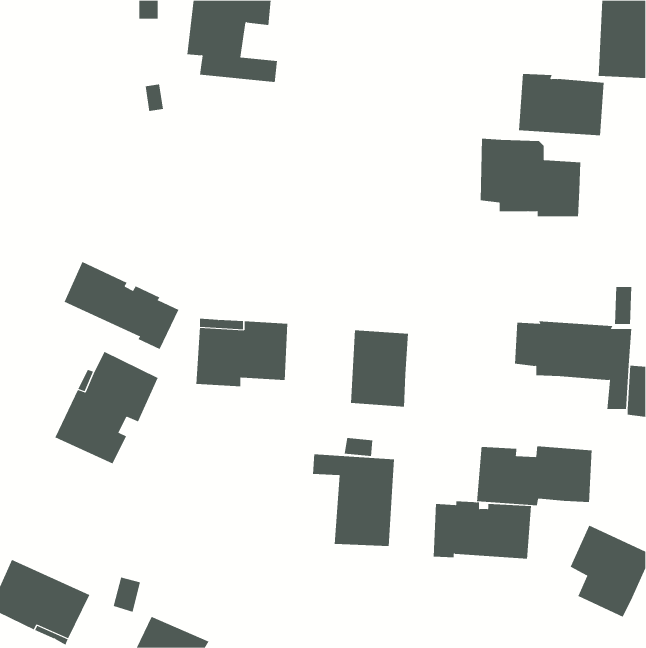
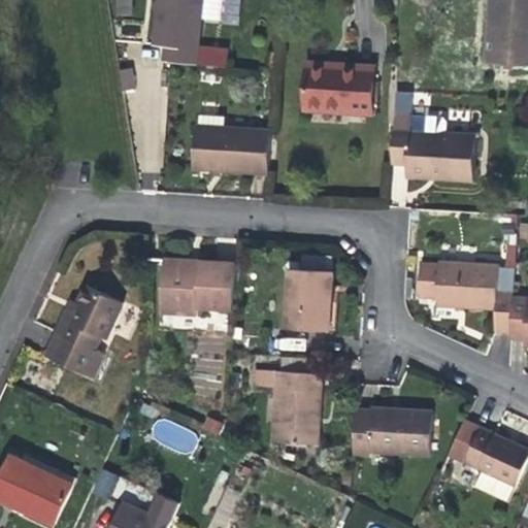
building: [518,74,605,136] -> [303,63,373,113]
building: none -> [192,114,269,174]
building: [64,261,179,350] -> none
building: [476,446,592,506] -> none

